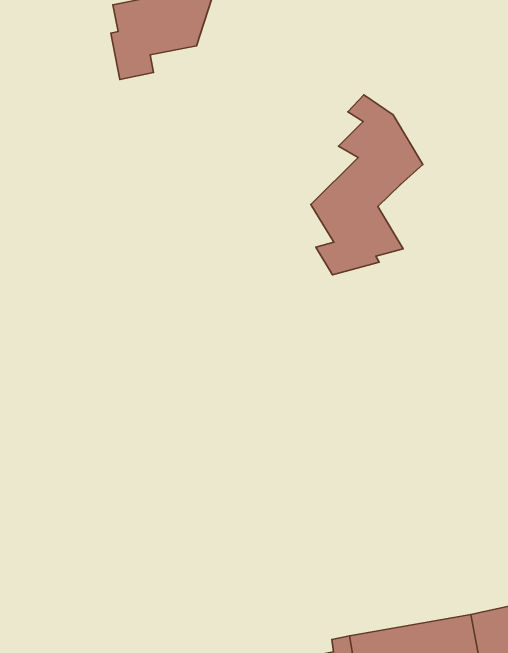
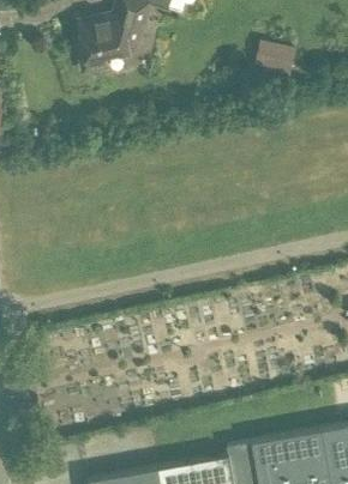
building: none -> [253,44,295,77]
building: [311,95,423,275] -> none

